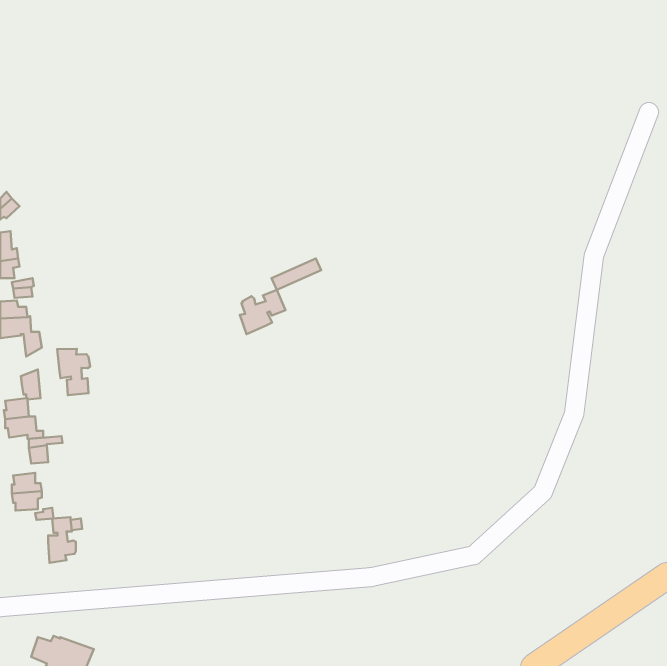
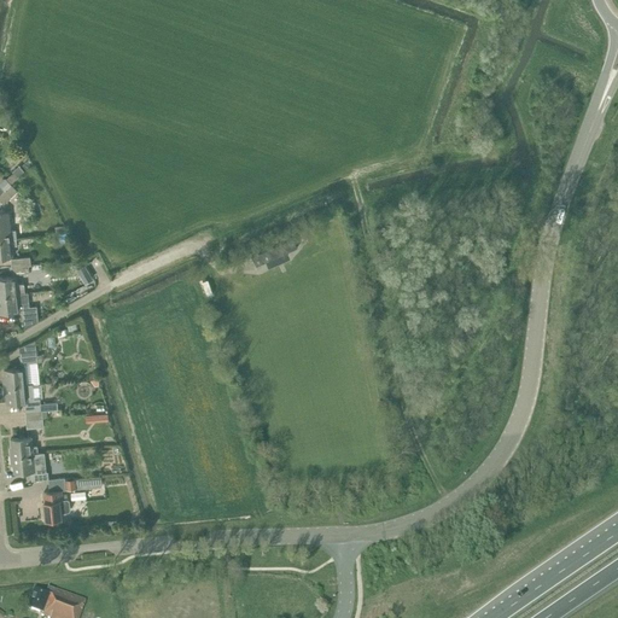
building: [240,290,285,334] -> none
building: [57,349,90,395] -> none

